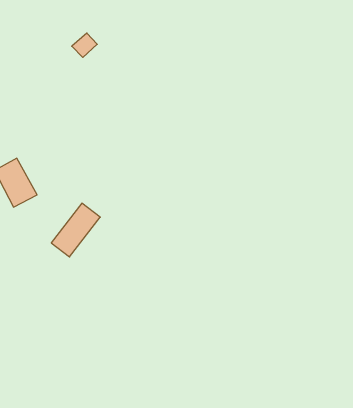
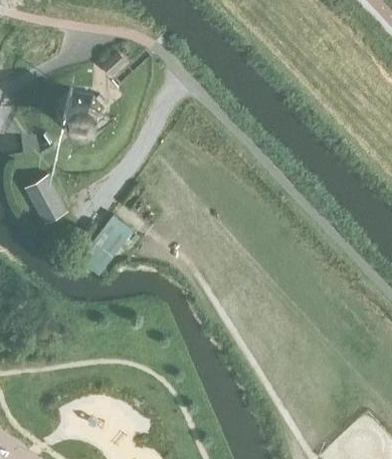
building: none -> [62,95,102,135]

